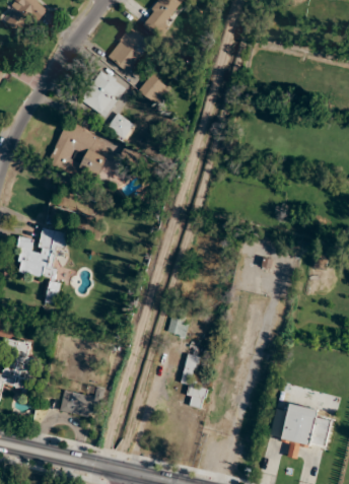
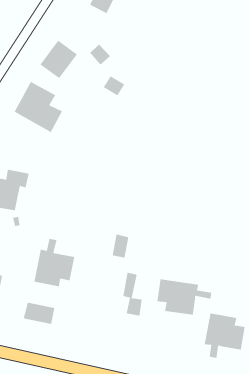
building: [107,26,151,73] -> none
building: [108,114,135,139] -> [103,75,125,96]
building: none -> [34,238,75,287]
building: none -> [157,279,212,316]

